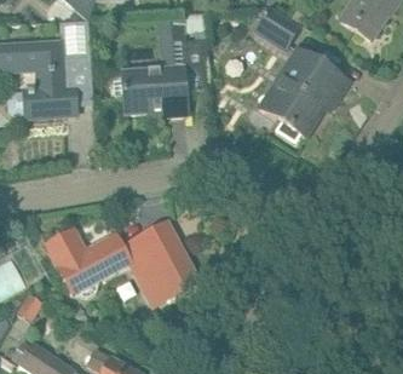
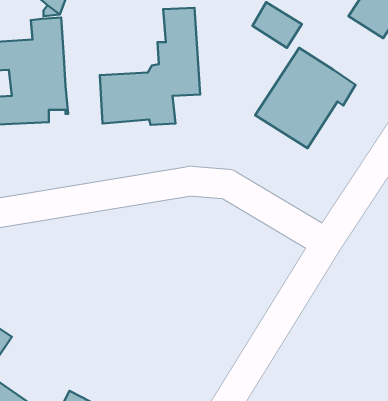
building: [46,221,198,305] -> none

